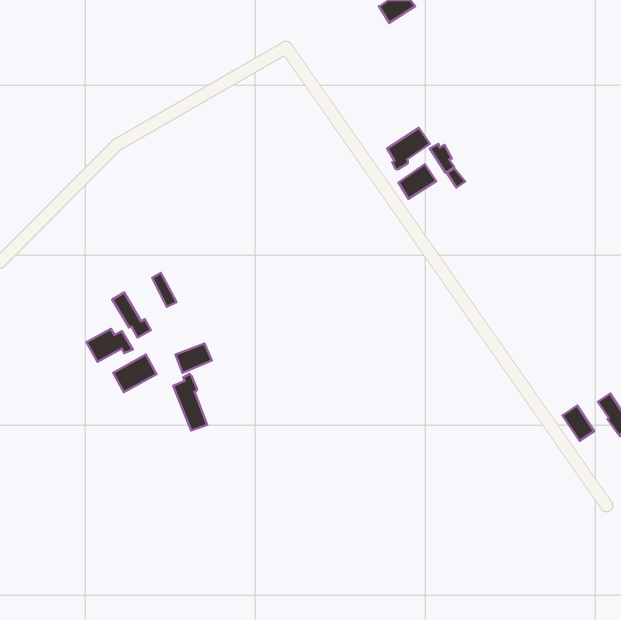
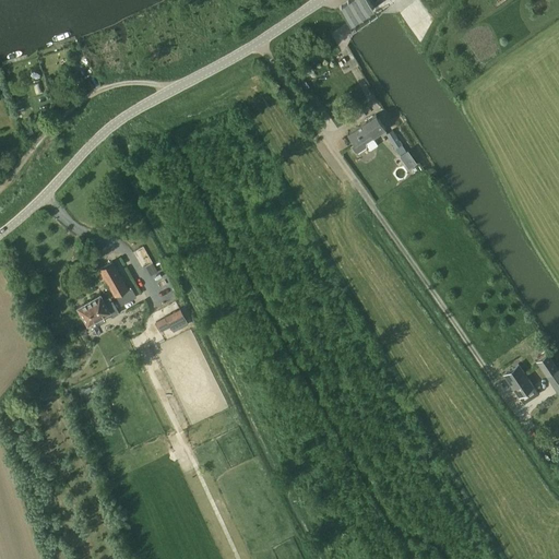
building: [398,164,436,199] -> none
building: [113,355,157,392] -> none
building: [173,374,207,431] -> none

